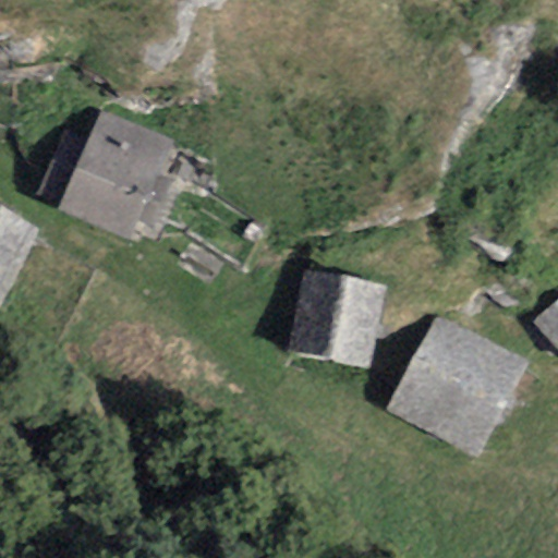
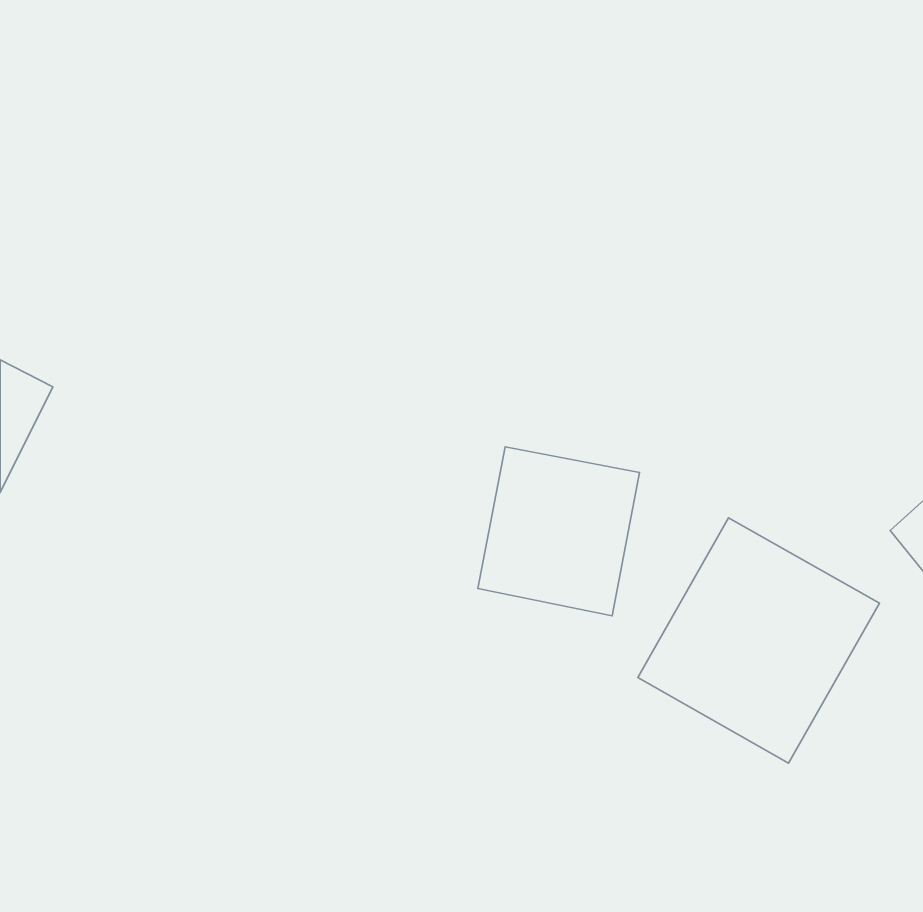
building: [40,111,174,240] -> none

